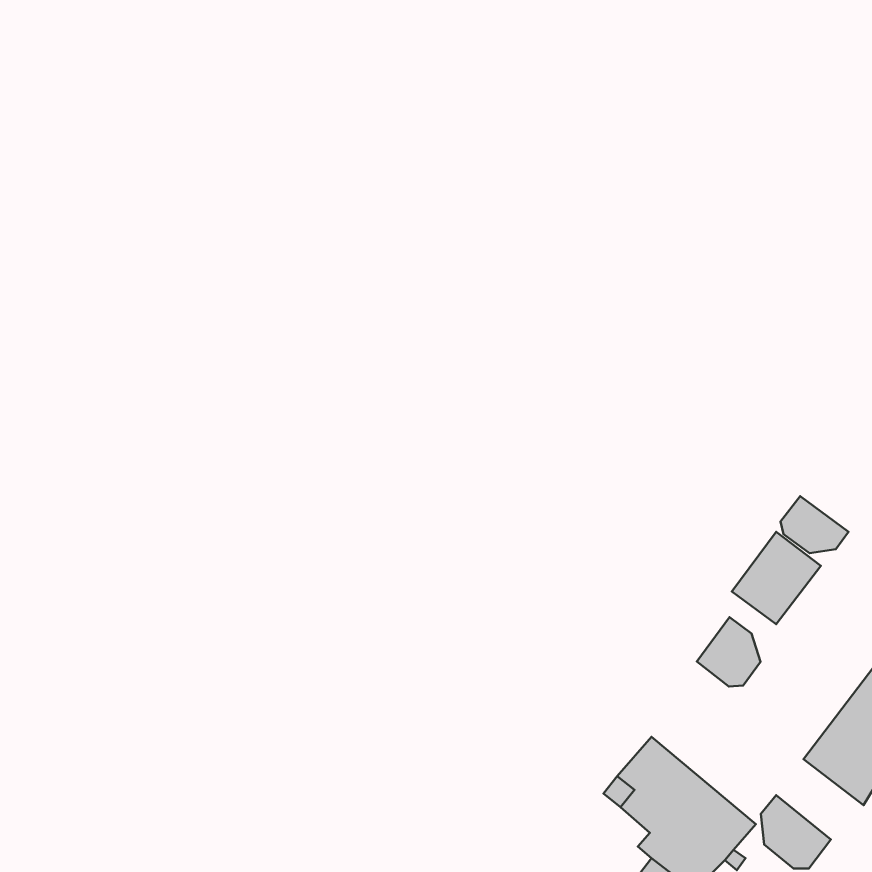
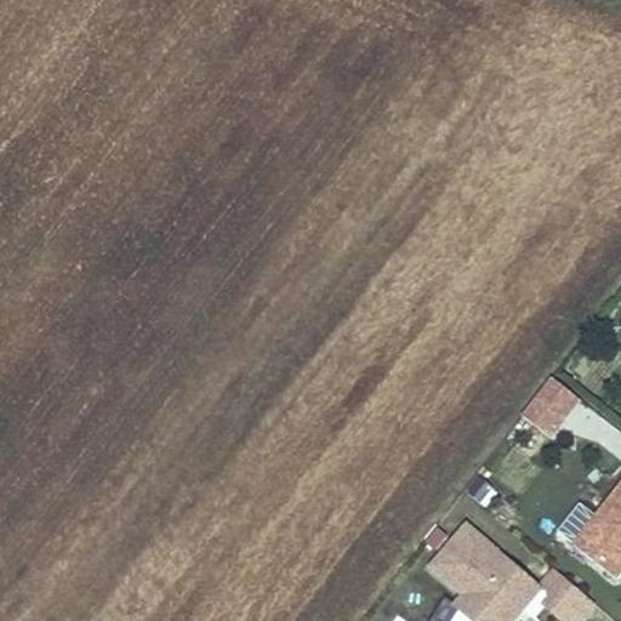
building: [780,496,849,553] -> none
building: [697,617,761,687] -> none

